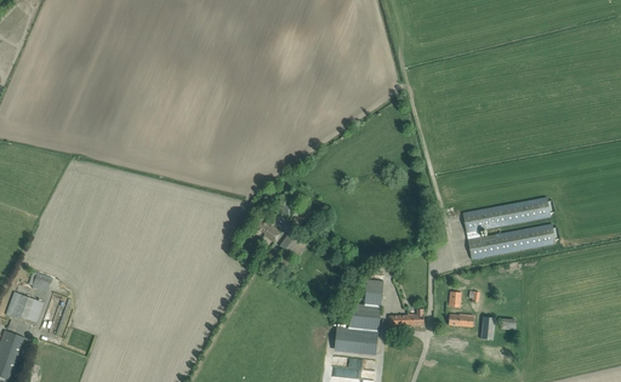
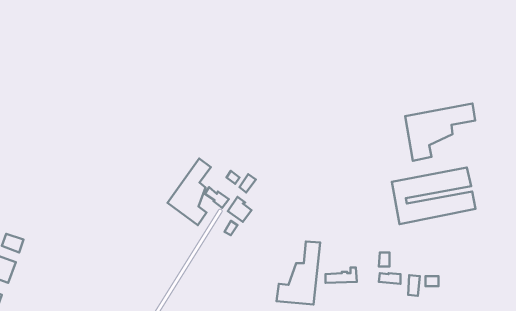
building: none -> [405,104,475,161]
building: none -> [168,158,211,225]

